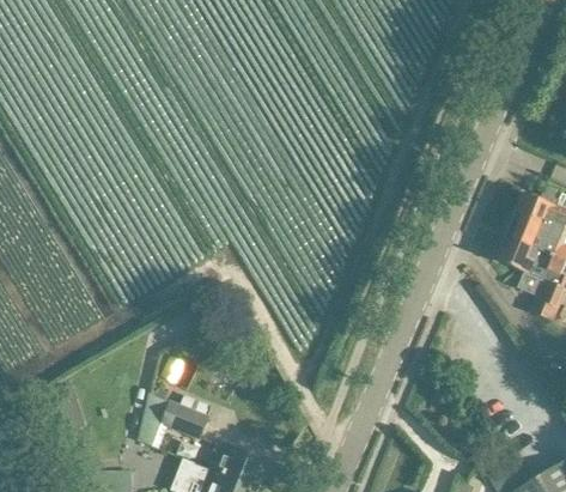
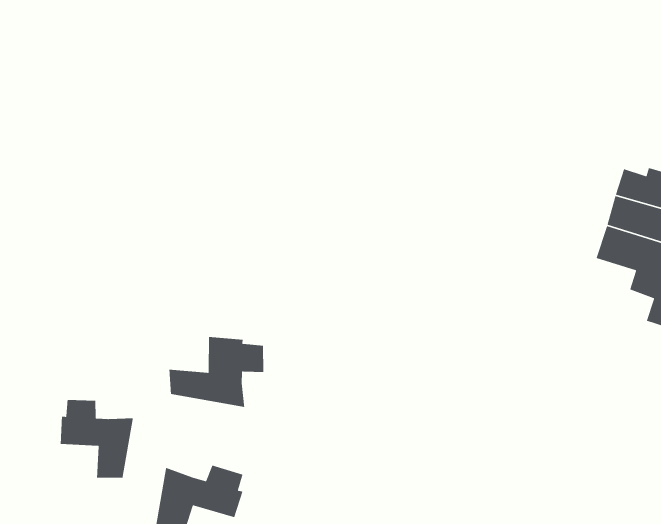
building: none -> [168,336,264,408]
building: none -> [60,399,134,479]

